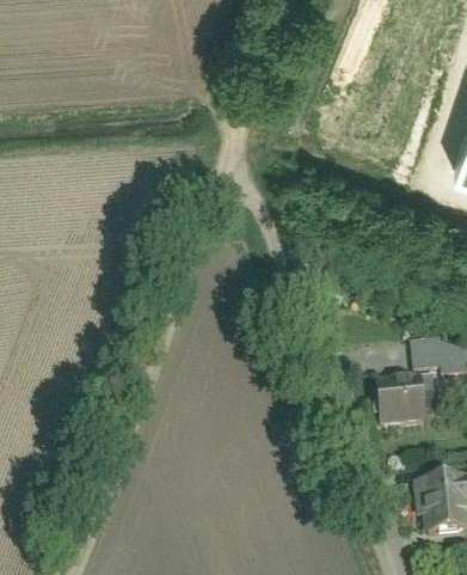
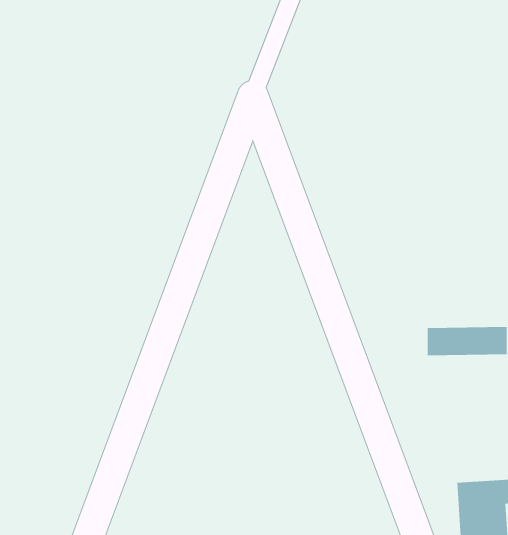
building: [381,384,438,428] -> none

